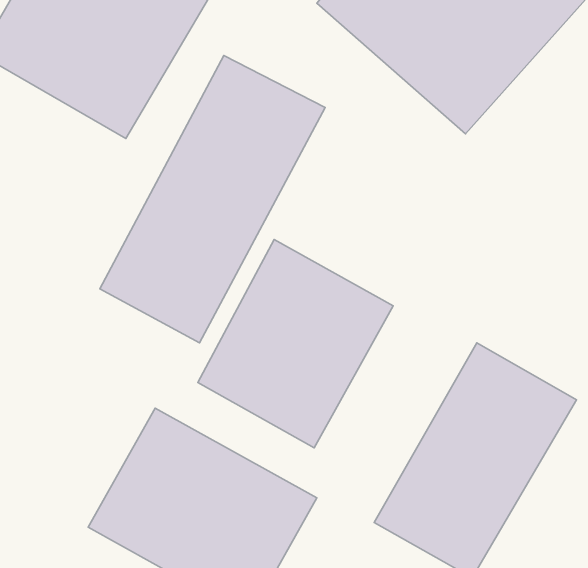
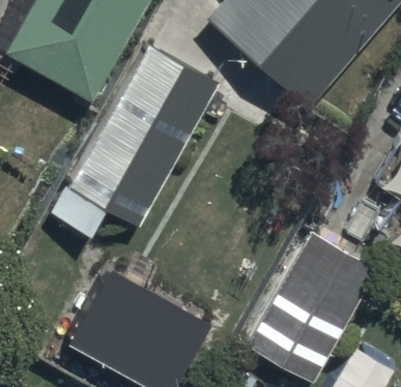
building: [198,240,393,448] -> none

